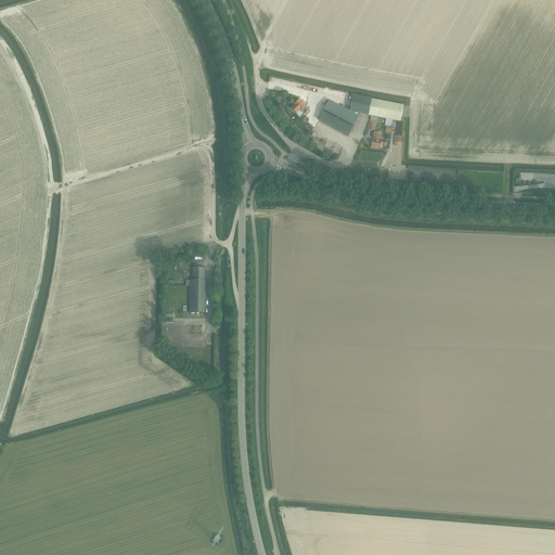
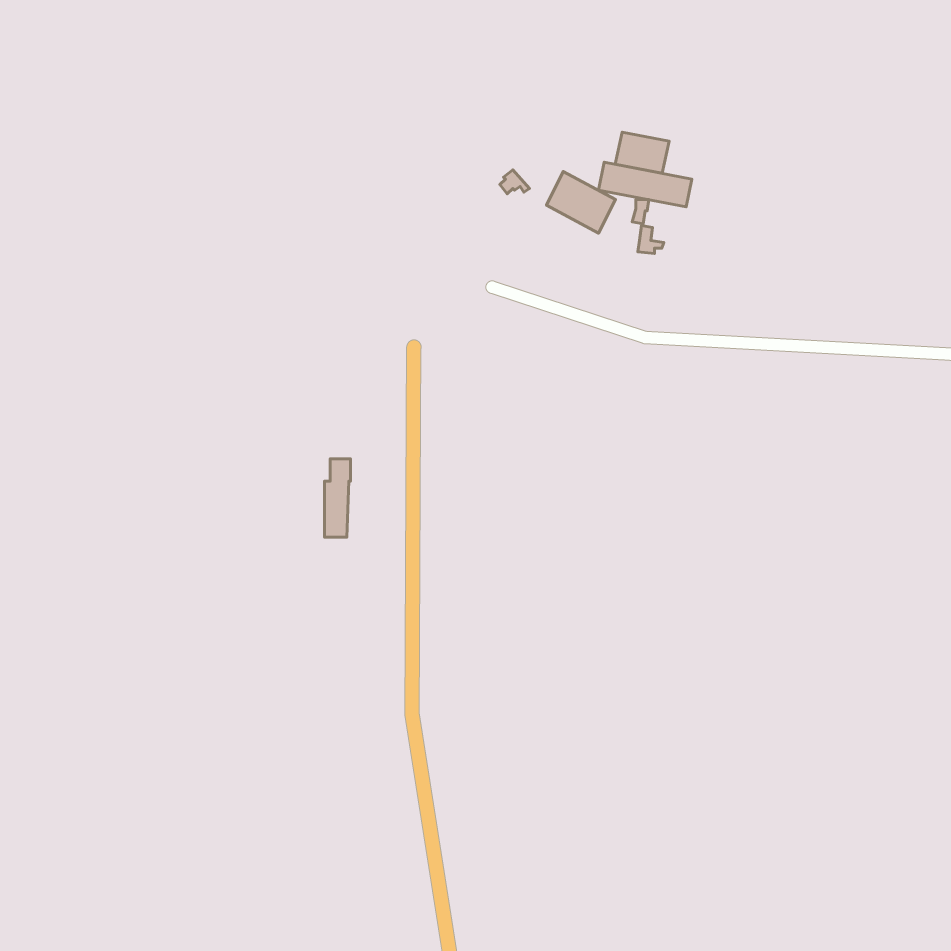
building: none -> [615,132,669,173]

